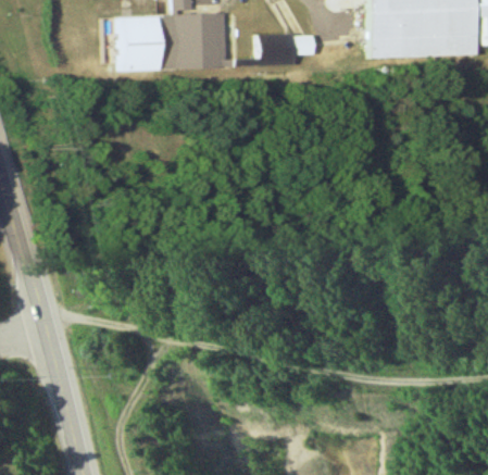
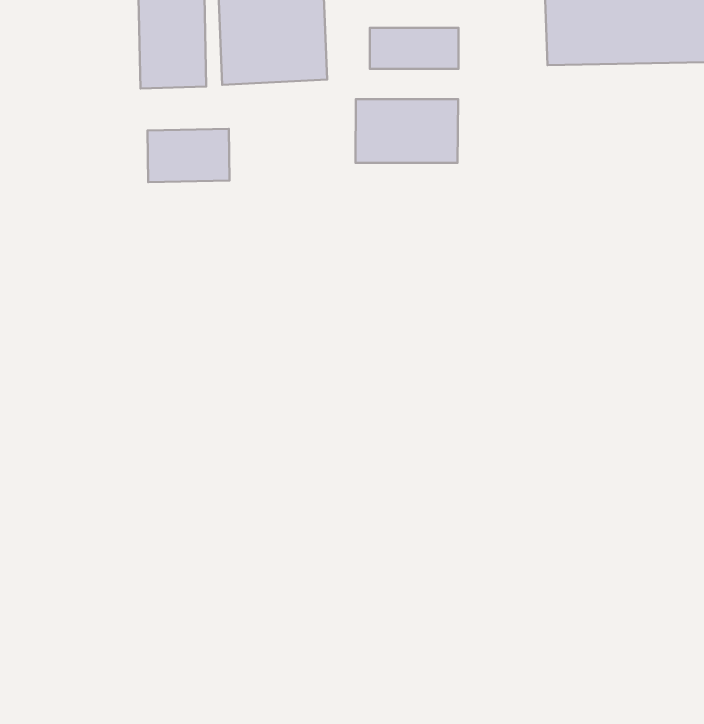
building: none -> [355,99,458,163]
building: none -> [147,129,230,182]

